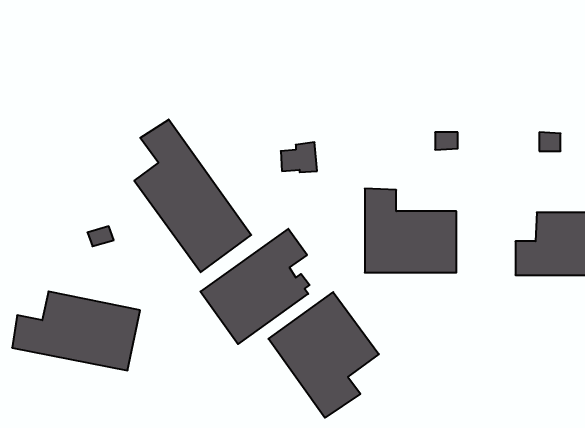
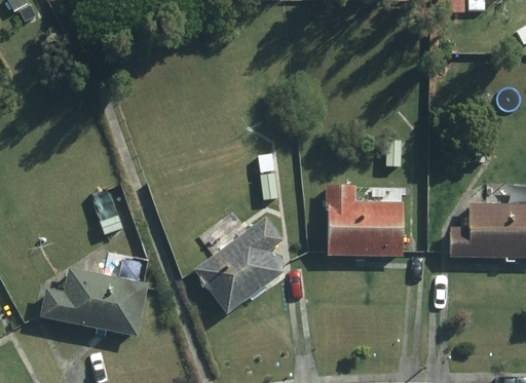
building: [134,119,251,272] -> none
building: [268,292,379,418] -> none

